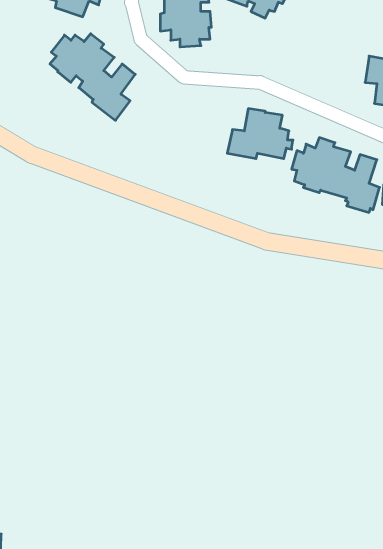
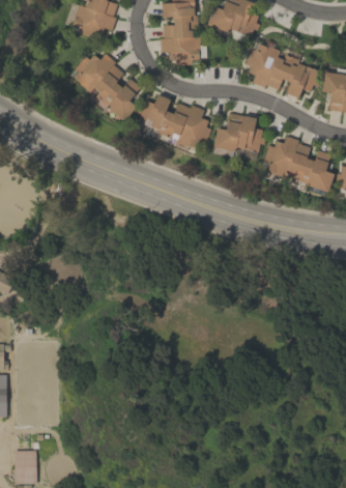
building: none -> [246,44,318,99]
building: none -> [138,95,211,151]

